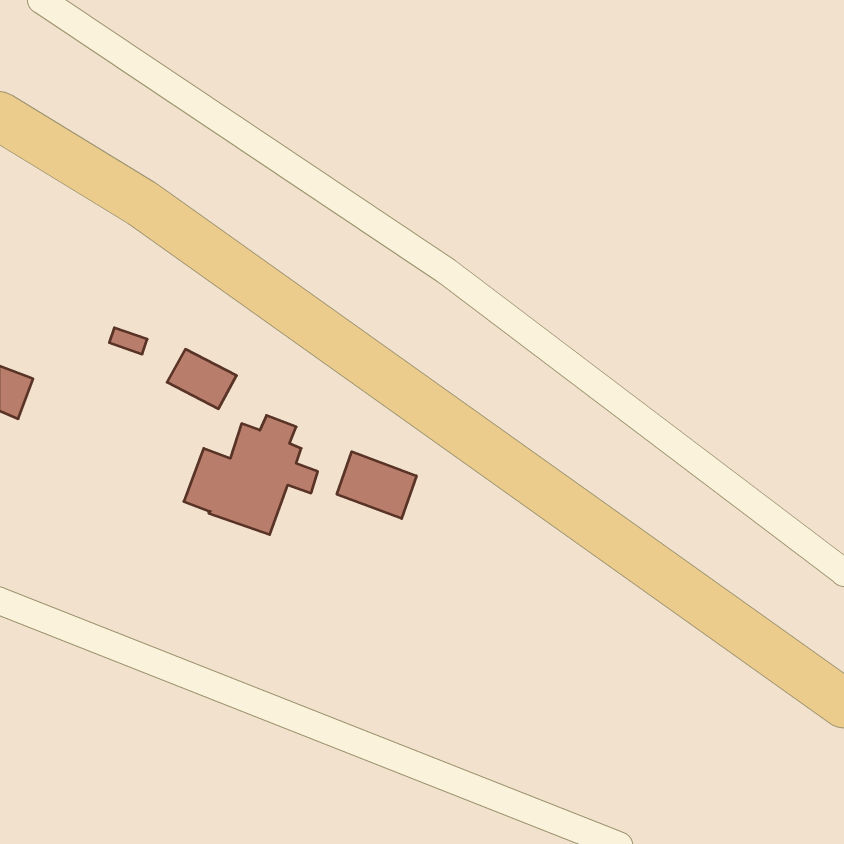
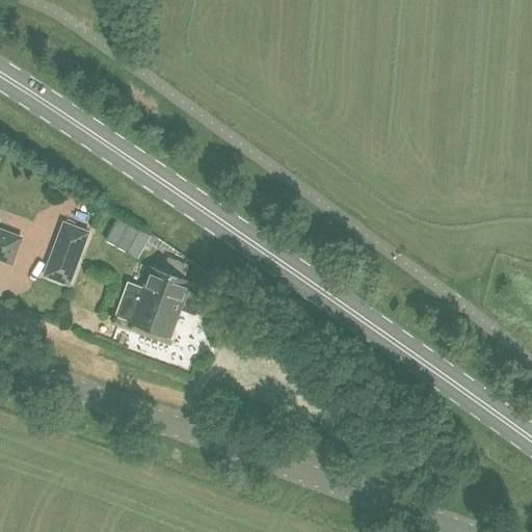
building: none -> [44,223,88,286]
building: [337,452,416,519] -> none

